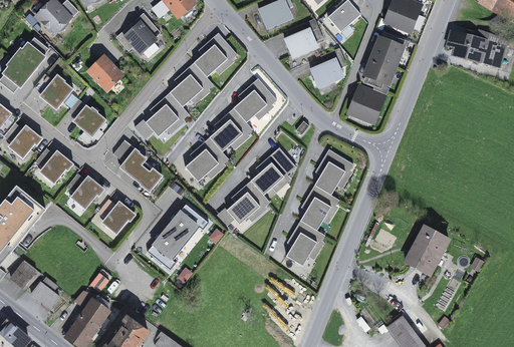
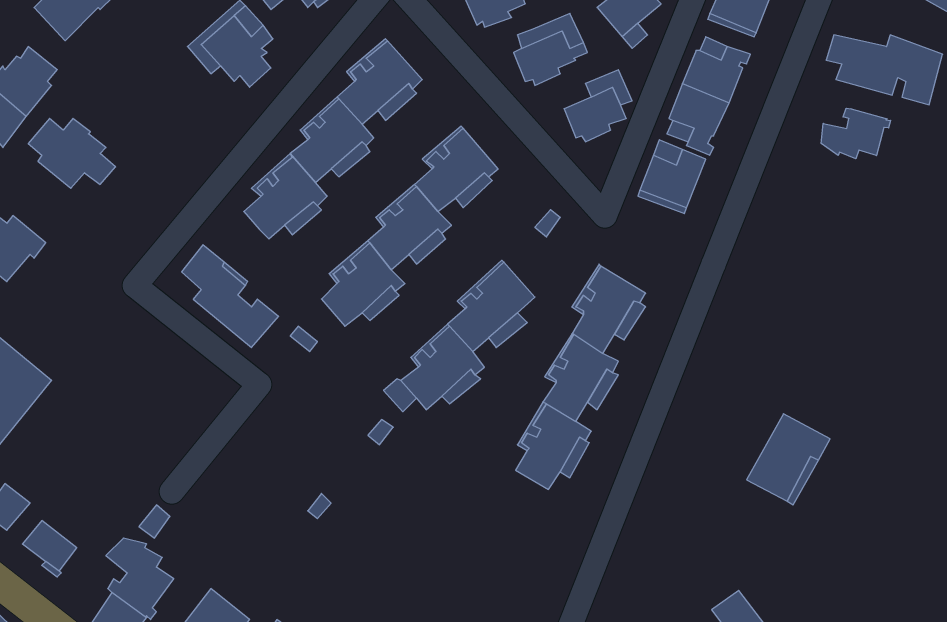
building: [88,57,120,89] -> none
building: none -> [821,108,891,159]
building: [67,99,106,137] -> none
building: [34,148,73,185] -> none
building: [65,174,104,210] -> none
building: [96,199,136,235] -> none
building: [147,205,208,271] -> none

